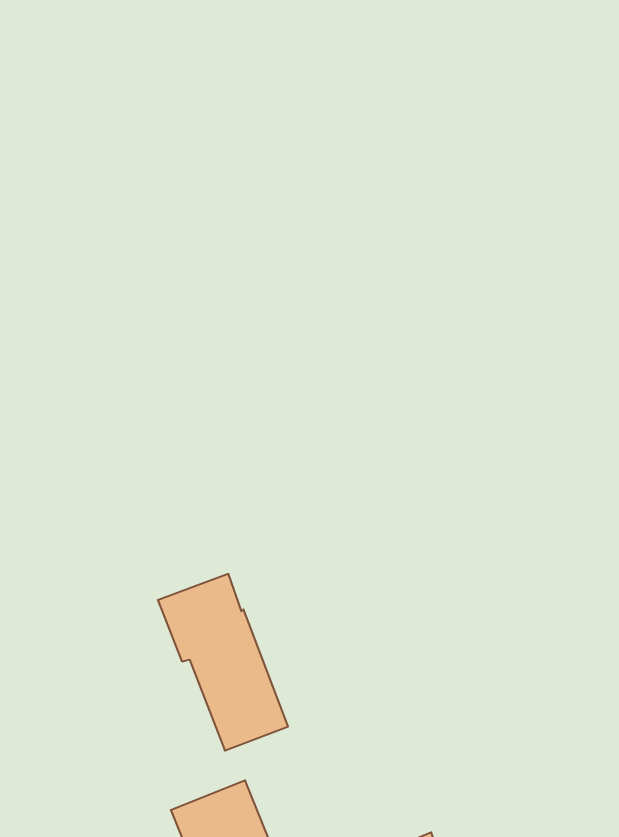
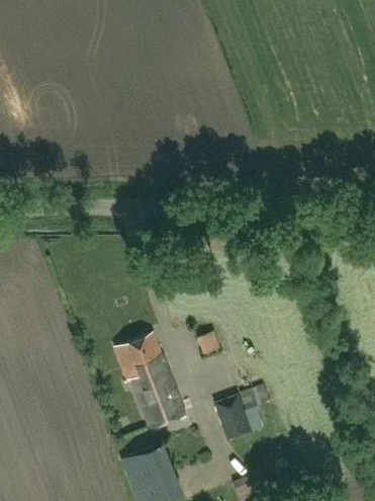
building: none -> [214,387,271,441]

